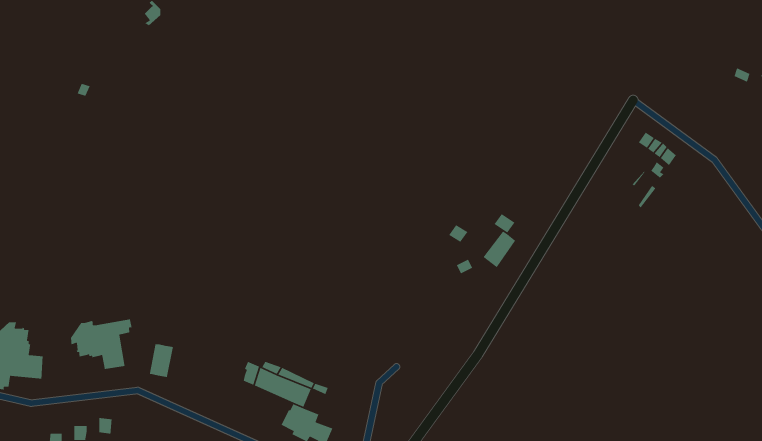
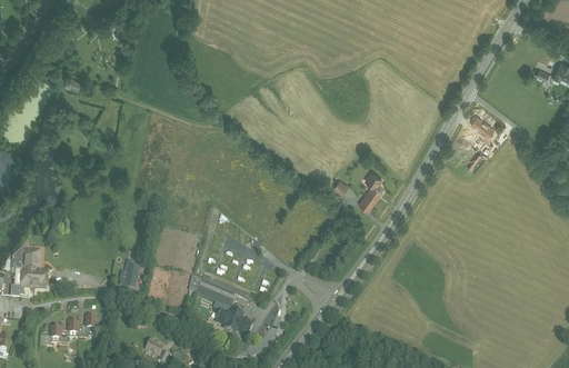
building: [70,318,133,370] -> none

